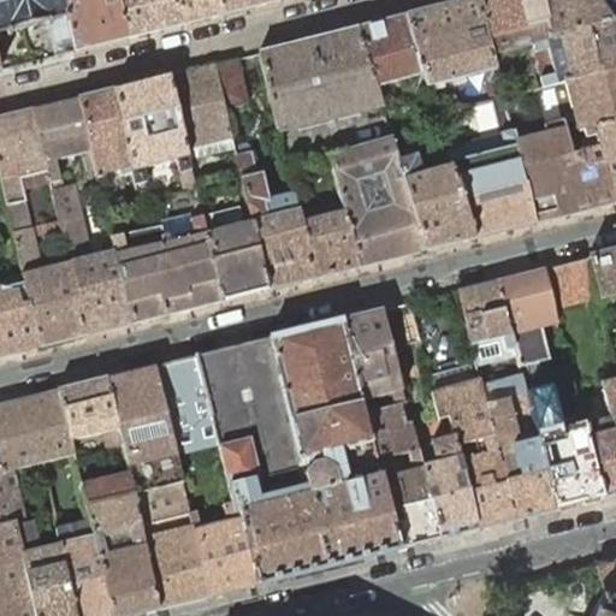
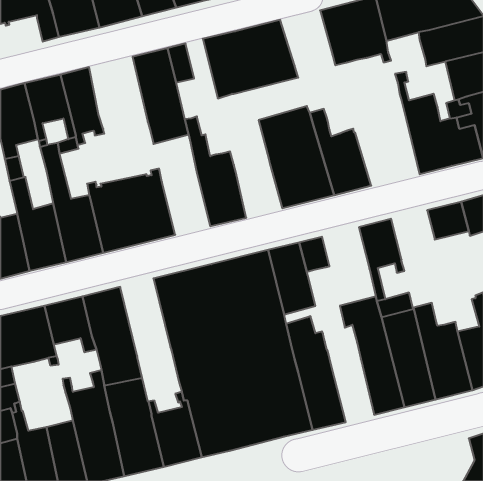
building: [357,13,427,87] -> none
building: [114,72,196,188] -> none
building: [446,128,534,236] -> none
building: [298,202,360,277] -> none
building: [207,215,268,298] -> none
building: [498,267,557,363] -> none
building: [154,354,218,452] -> none
building: [416,436,476,537] -> none

